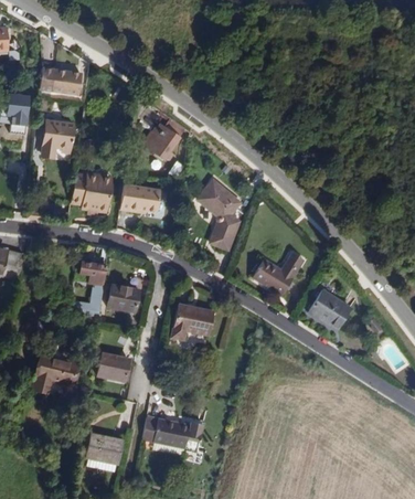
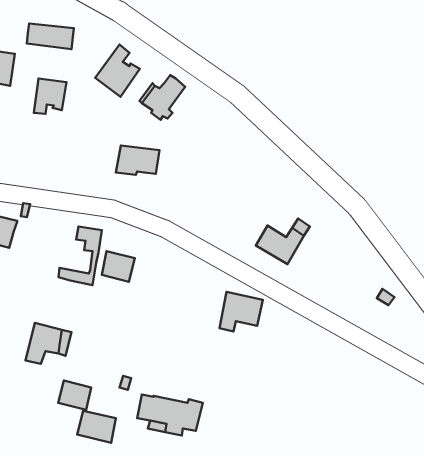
building: none -> [95,45,140,97]
building: [198,180,241,243] -> none
building: [71,181,108,213] -> none
building: [308,289,351,330] -> none
building: [171,304,212,341] -> [219,292,263,332]
building: [97,352,128,380] -> [58,381,91,410]

